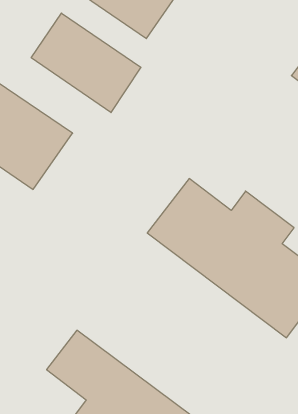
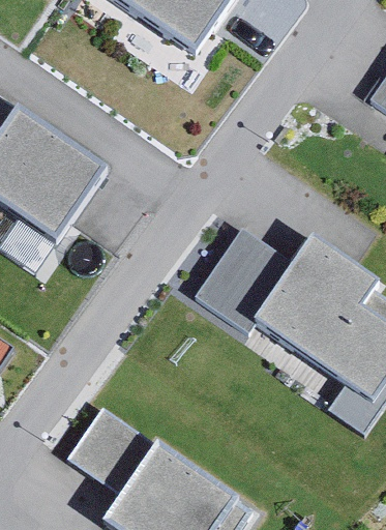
building: [31,13,141,113] -> none

